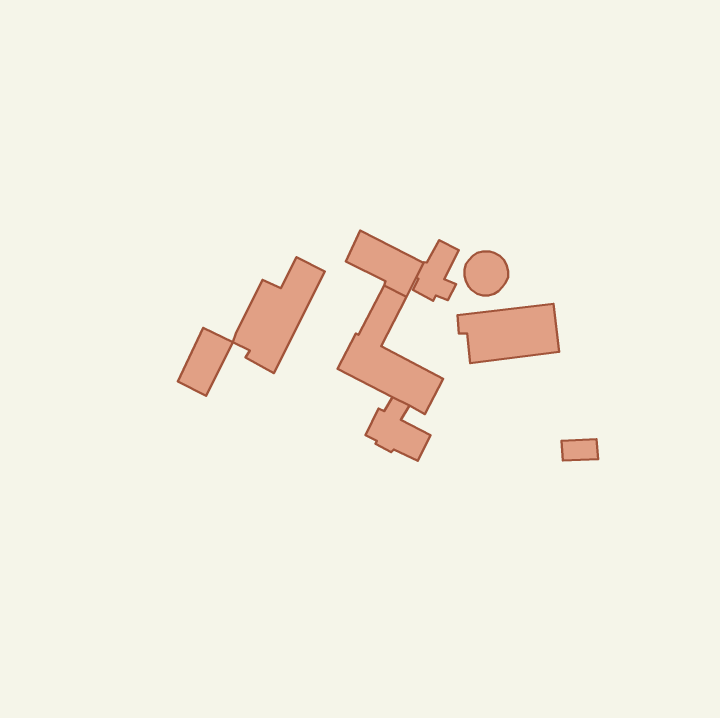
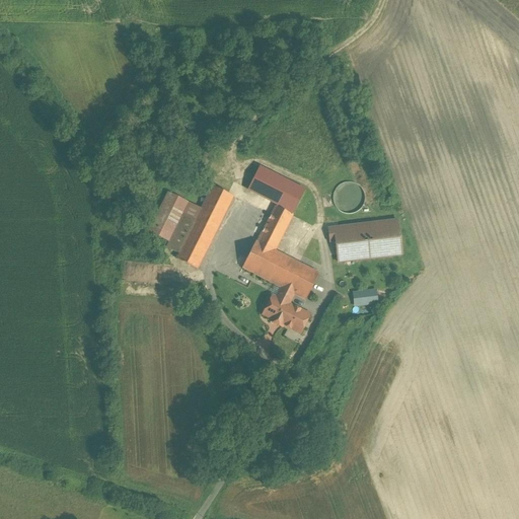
building: [413,240,459,301] -> none
building: [178,328,233,396] -> [150,191,190,239]
building: [561,439,598,461] -> [351,288,377,303]

